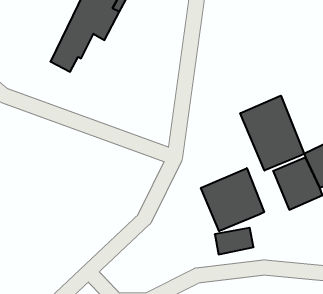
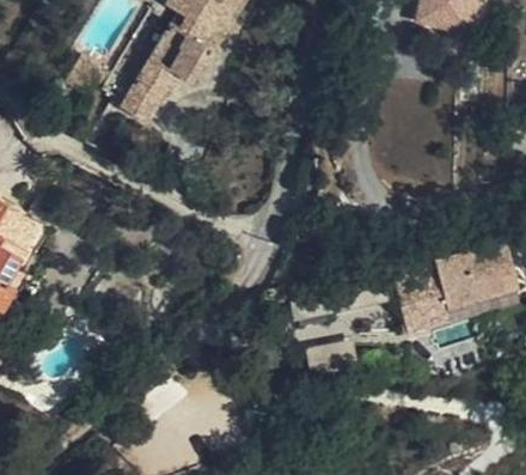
building: [240,96,304,171] -> none
building: [201,168,264,231] -> none

